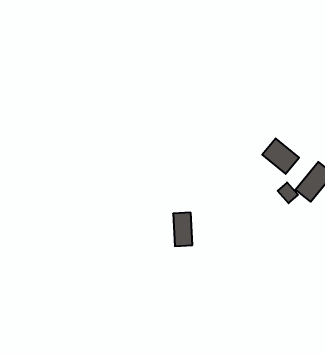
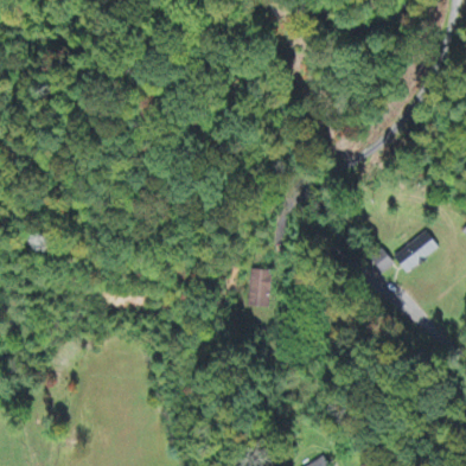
building: [262,138,299,174] -> none

